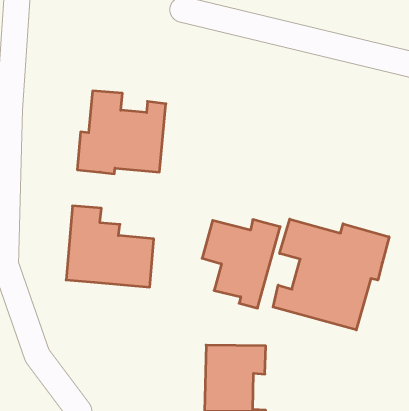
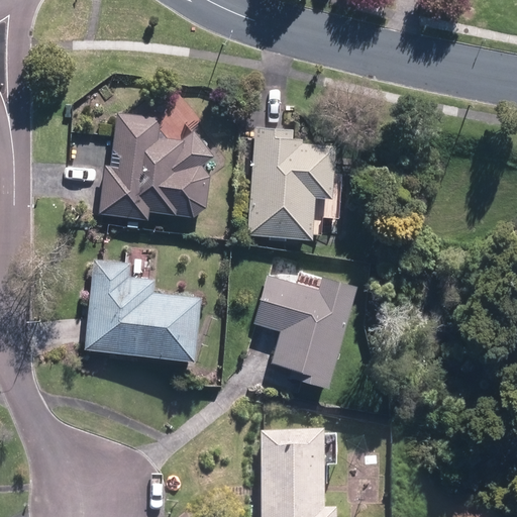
building: none -> [248,128,343,236]
building: [273,219,389,330] -> none

